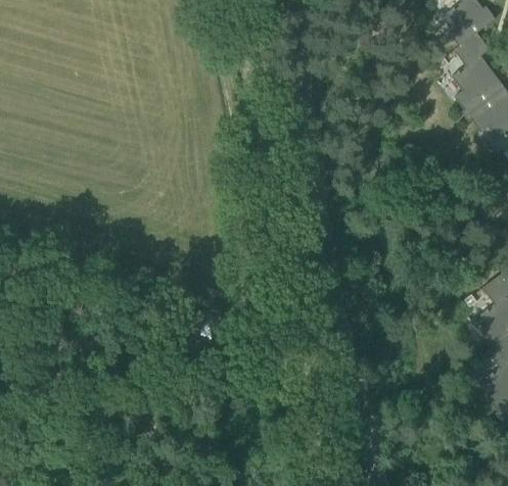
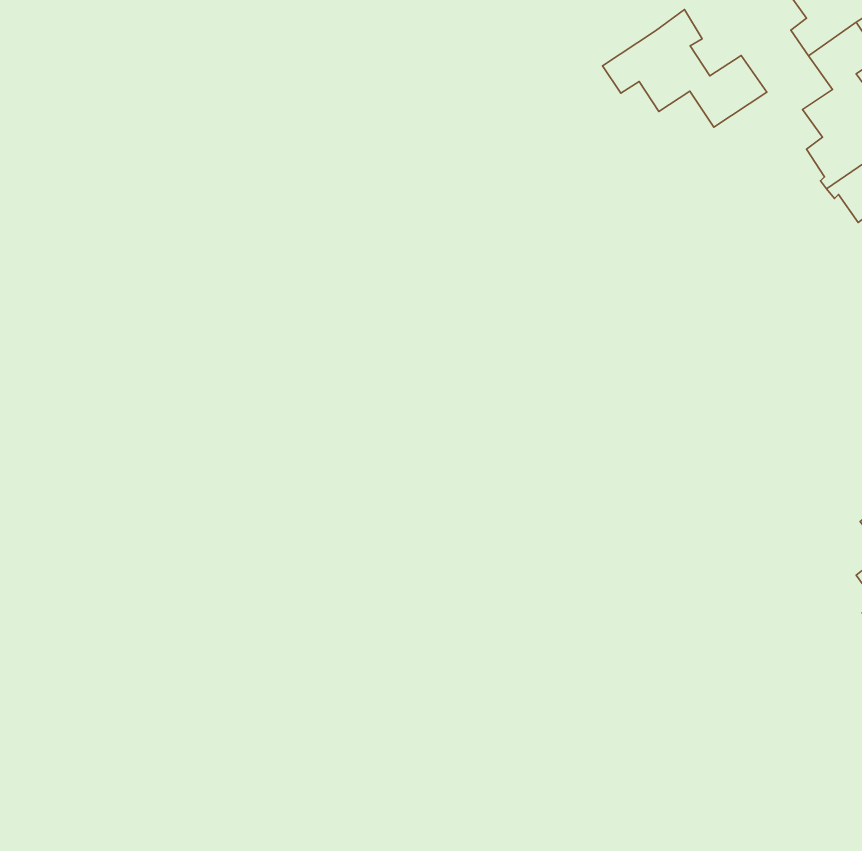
building: none -> [602,10,767,127]

